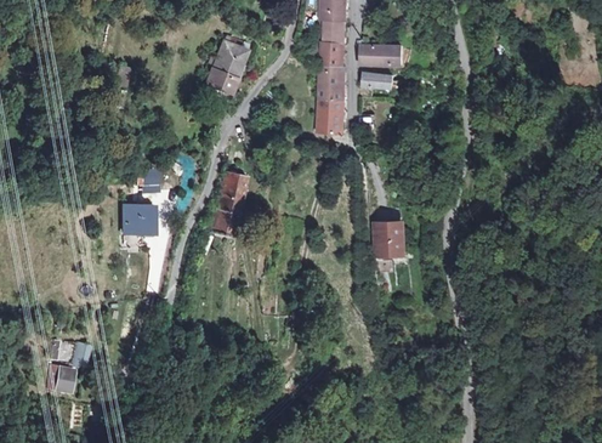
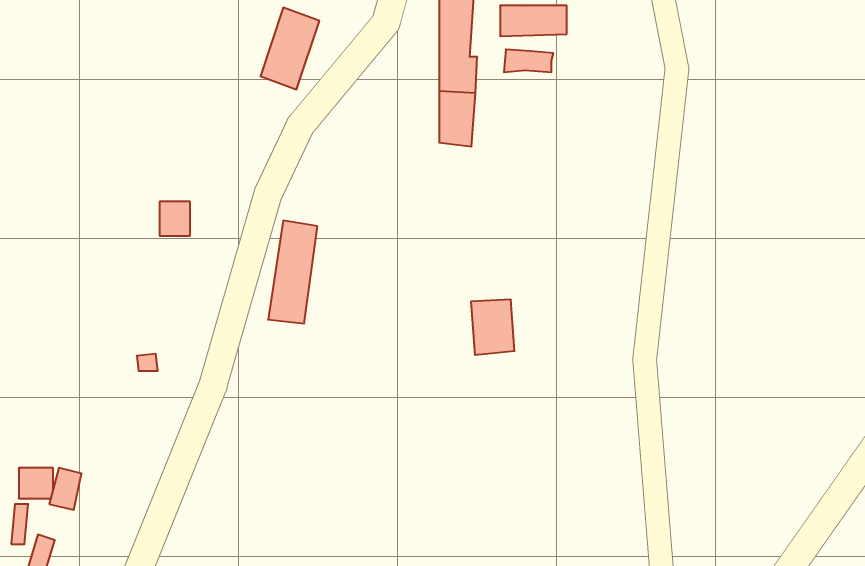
building: [125,201,152,234] -> none
building: [380,225,408,260] -> [471,300,515,355]

